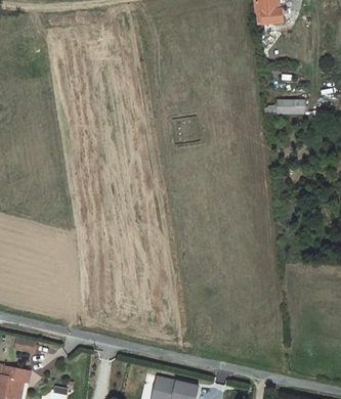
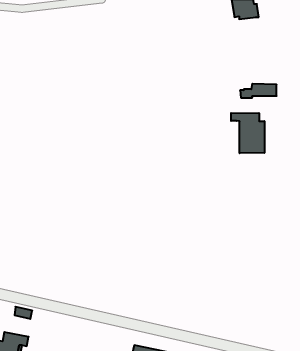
building: none -> [231,113,264,153]

